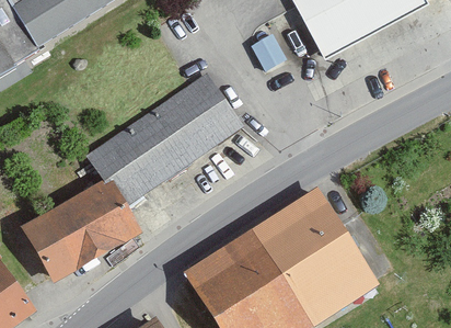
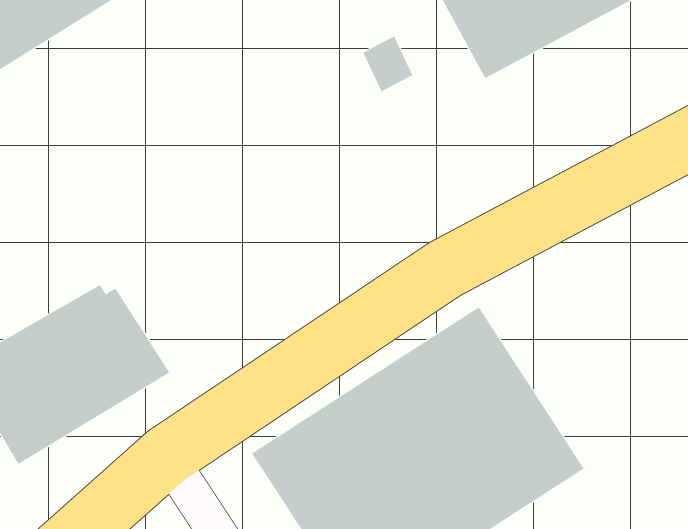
building: [83,70,242,204] -> none

